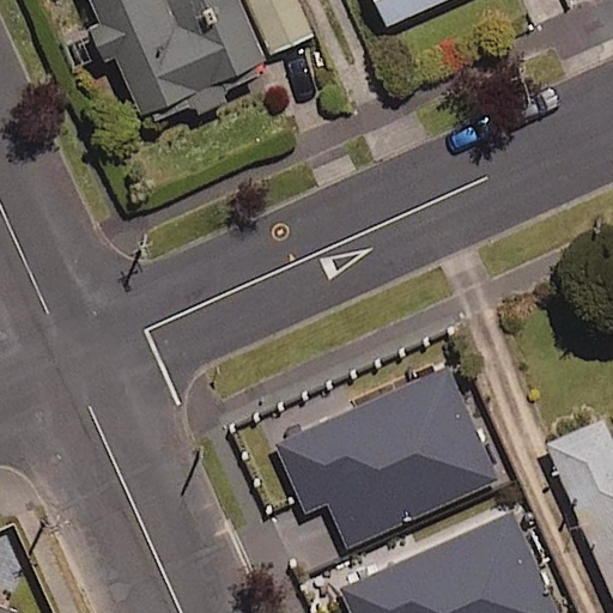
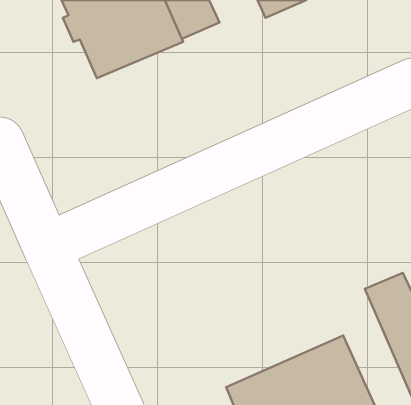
building: [273,364,498,546] -> none

